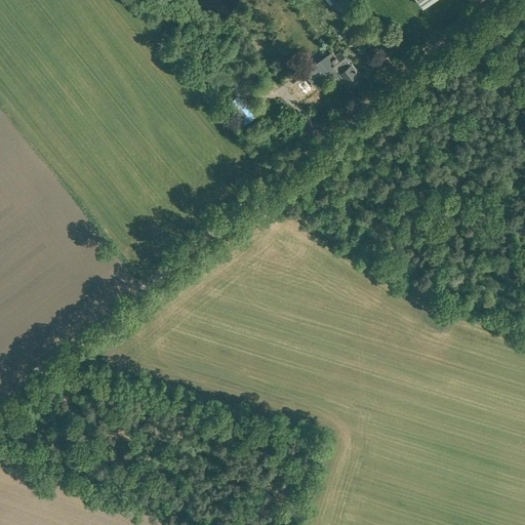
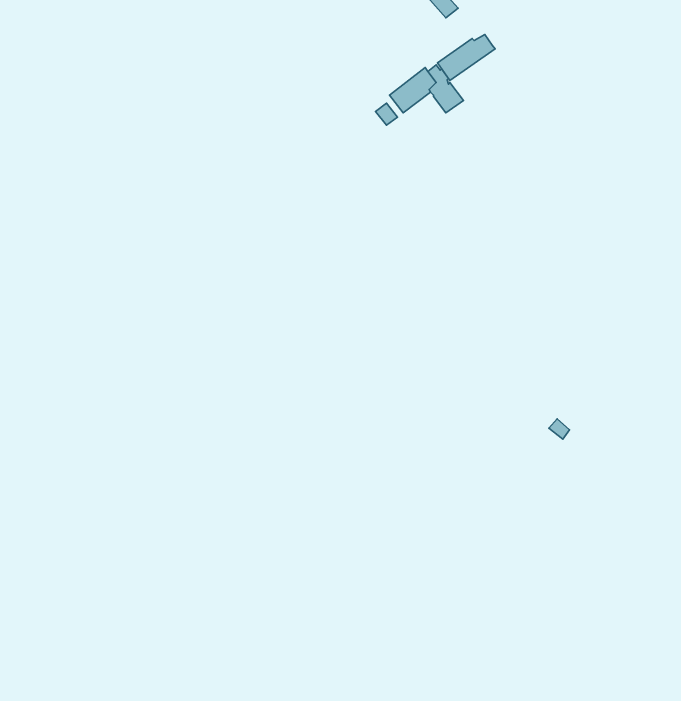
building: none -> [438,35,495,80]

